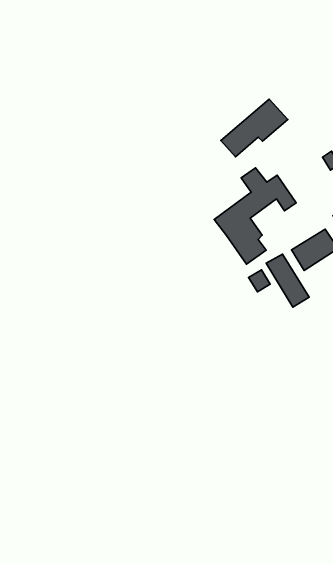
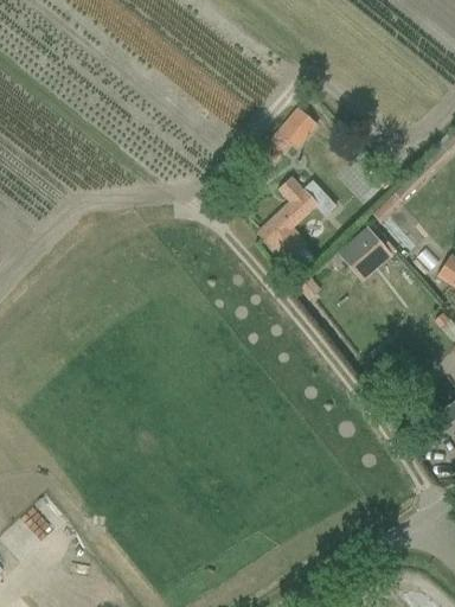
building: [266,254,309,307] -> none

